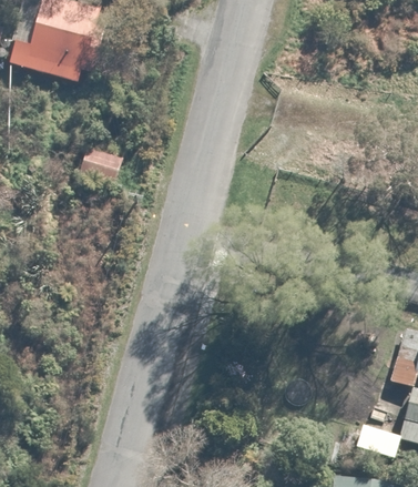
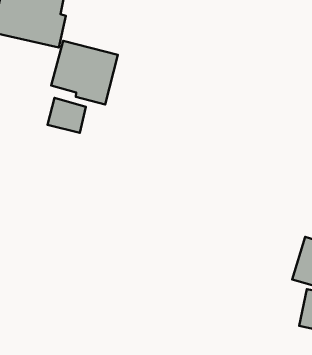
building: none -> [51,41,118,104]

